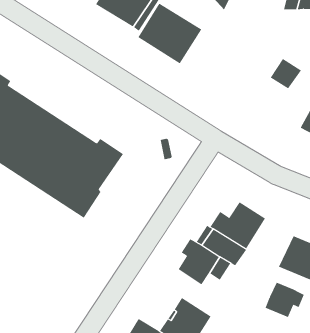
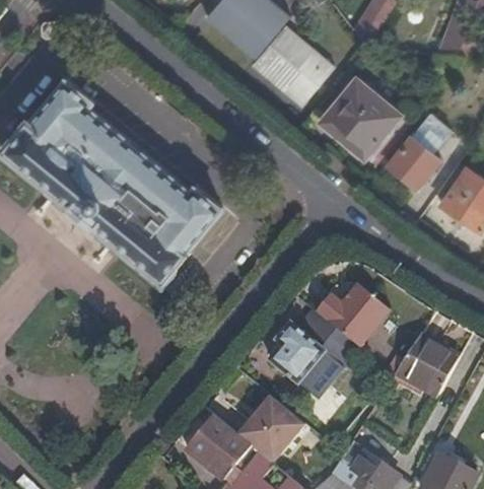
building: none -> [322,79,401,158]
building: none -> [390,138,440,189]
building: [265,282,305,318] -> none

